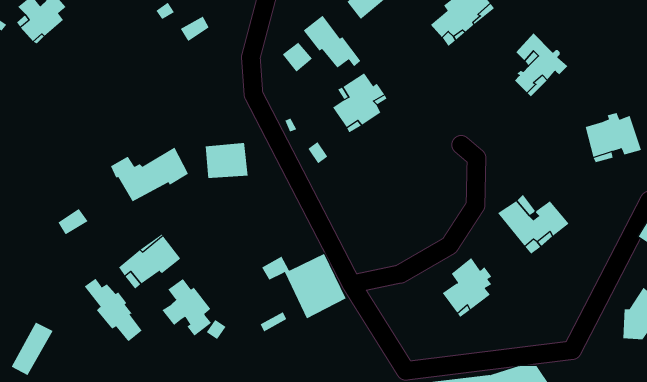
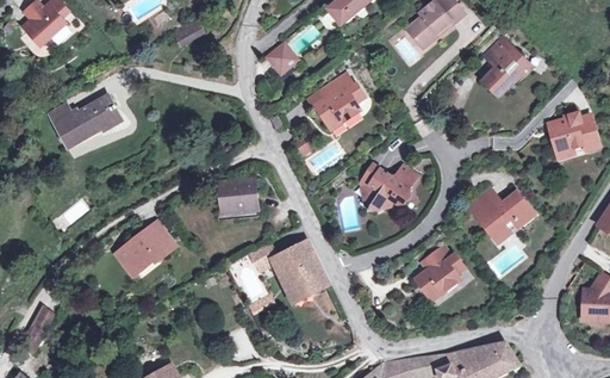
building: [303,15,361,69] -> none
building: [205,142,249,179] -> [218,178,259,211]
building: [110,147,189,202] -> [49,94,122,145]
building: none -> [361,162,418,211]
building: [84,278,143,342] -> none
building: [162,278,212,337] -> none

